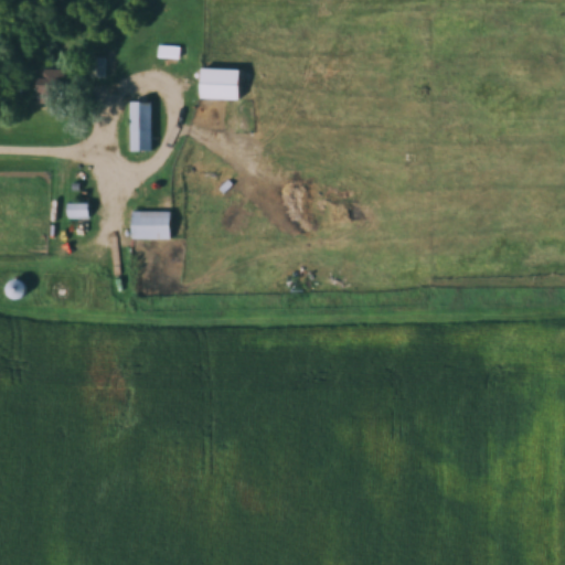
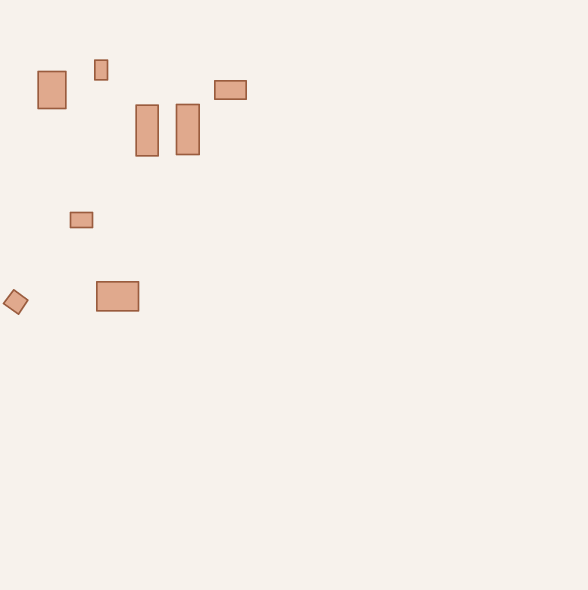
building: none -> [176,105,199,154]
building: [130,211,170,238] -> [97,282,138,311]

